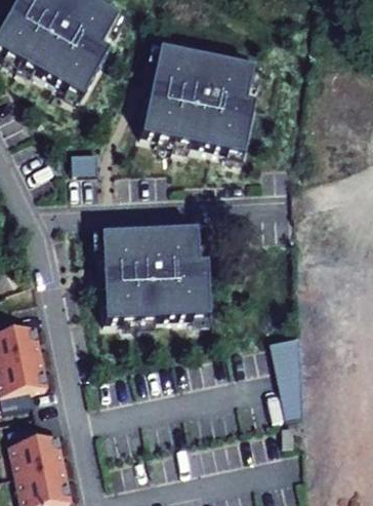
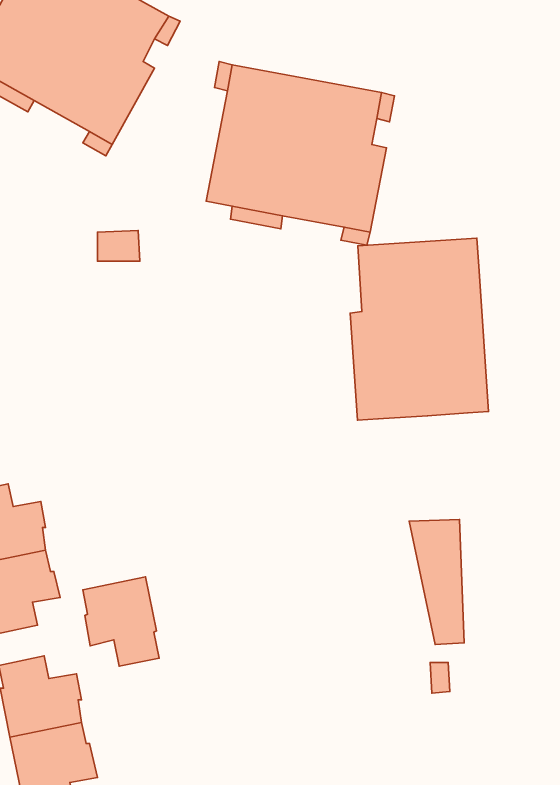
building: none -> [350,238,489,420]
building: [93,223,212,325] -> none
building: none -> [83,577,159,666]

